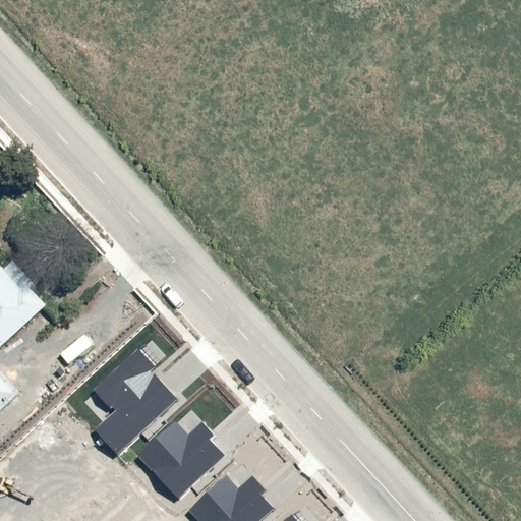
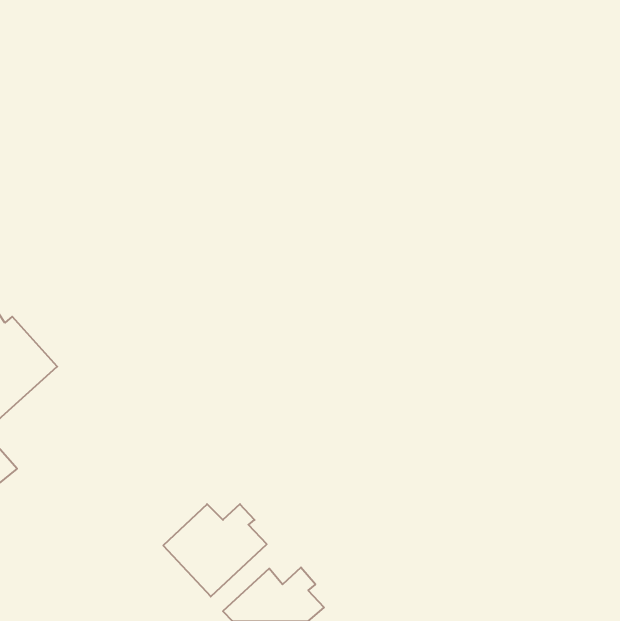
building: [92,347,176,453] -> none

